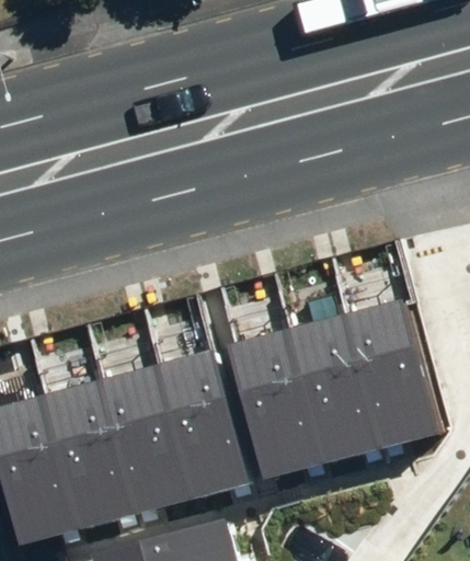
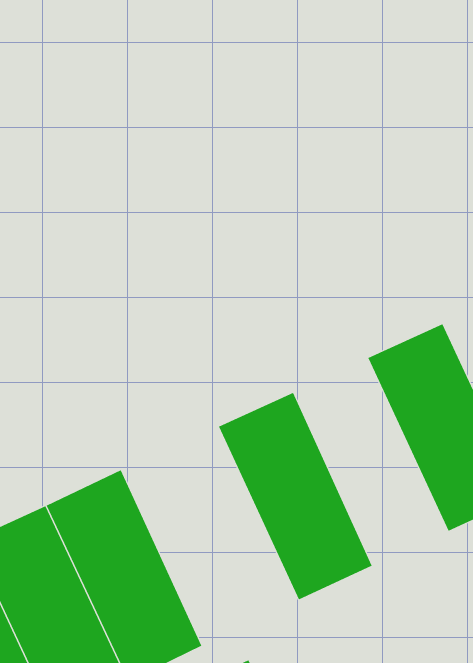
building: [287,314,380,463] -> none
building: [154,348,249,500] -> none

